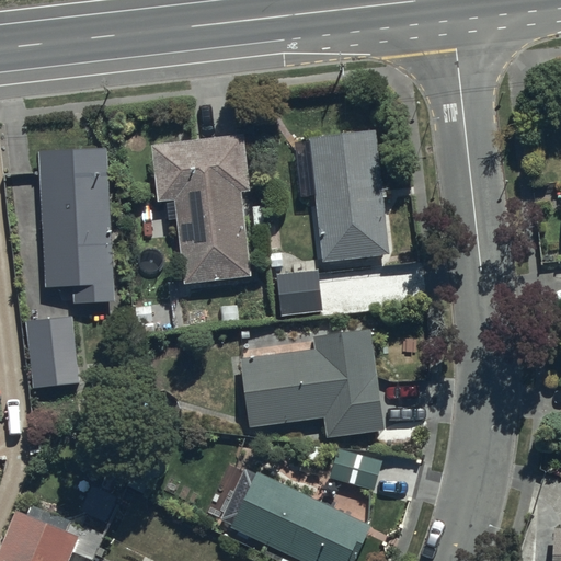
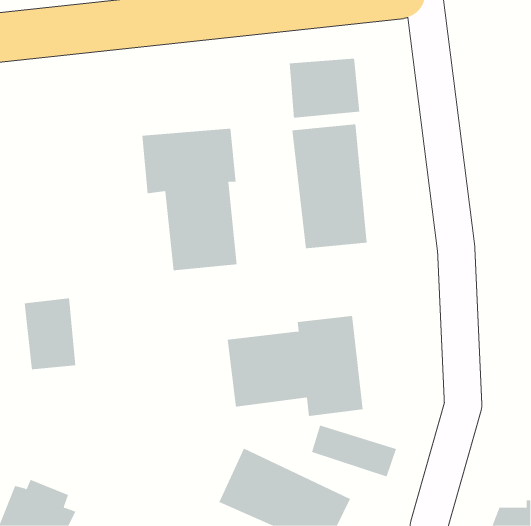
building: none -> [289,58,360,119]
building: [37,147,113,305] -> none
building: [274,268,322,314] -> none

